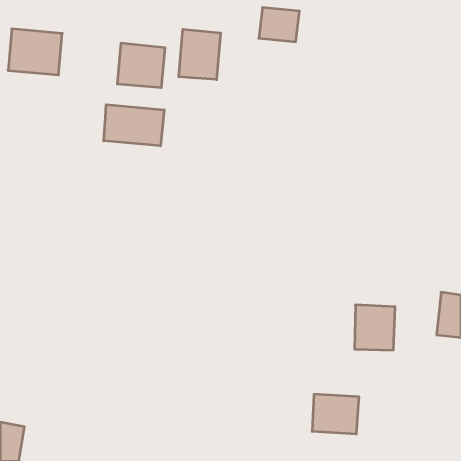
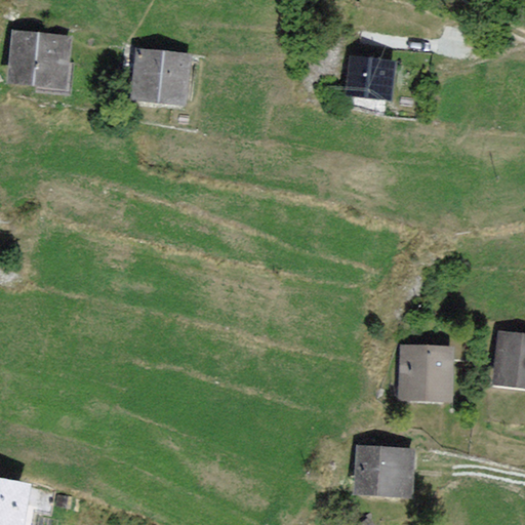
building: [259,8,299,42] -> [347,58,393,97]
building: [179,29,221,80] -> none
building: [104,105,164,146] -> none

